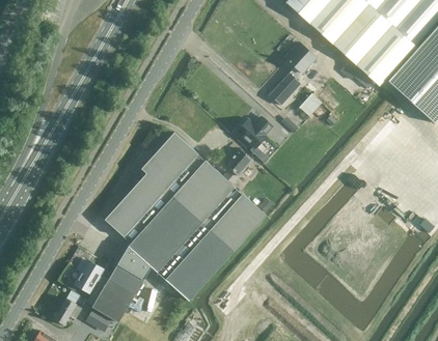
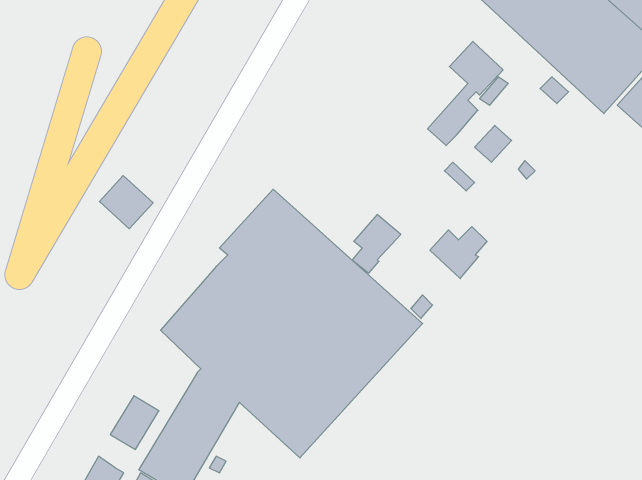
building: [237,117,272,149] -> [430,227,487,279]
building: none -> [99,176,153,229]

